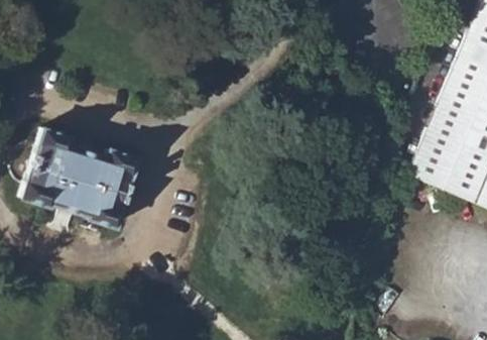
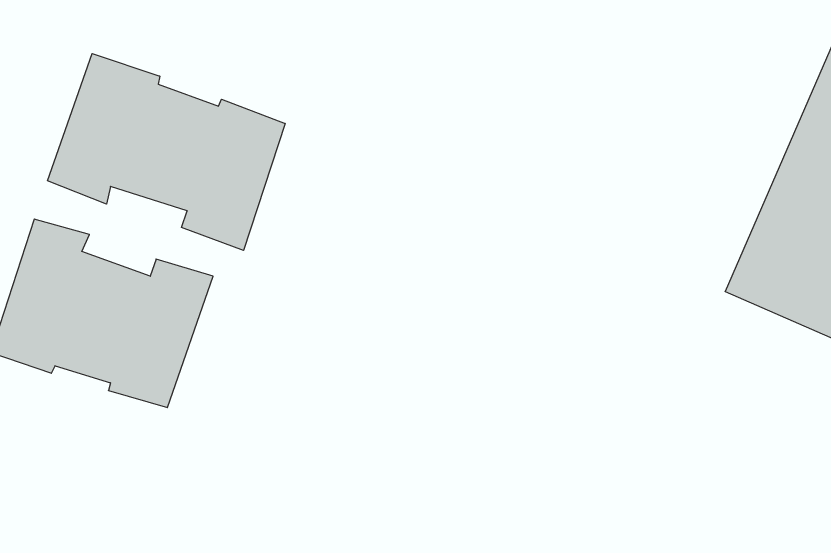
building: none -> [48,54,285,250]

